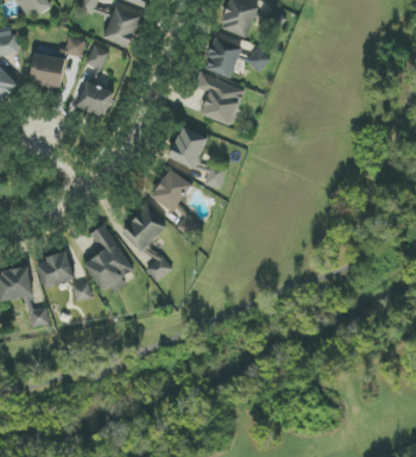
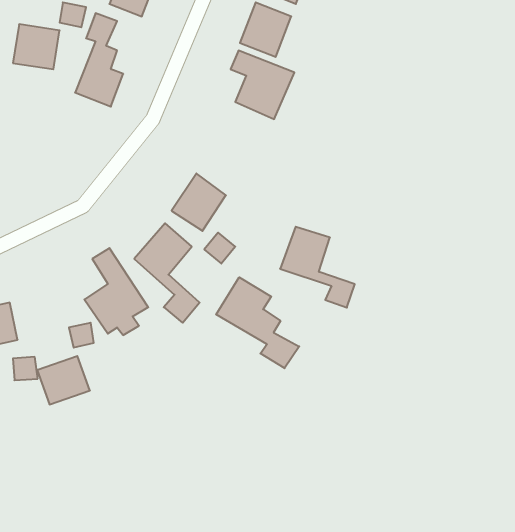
building: [169,126,226,188] -> [280,227,355,308]
building: none -> [216,277,299,368]
building: [36,250,76,287] -> [37,356,90,404]

